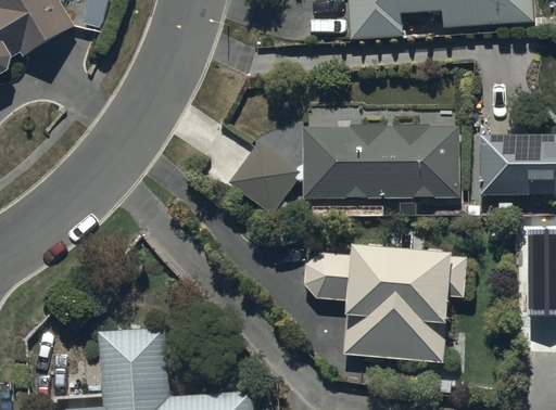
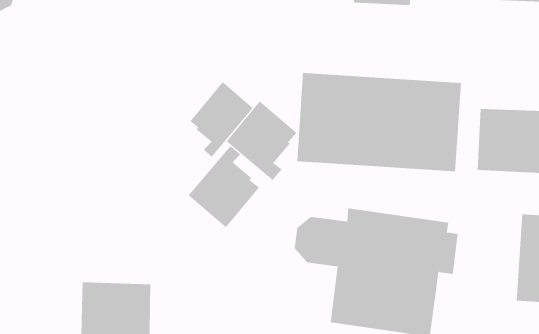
building: none -> [190,81,254,157]
building: none -> [188,145,260,228]

